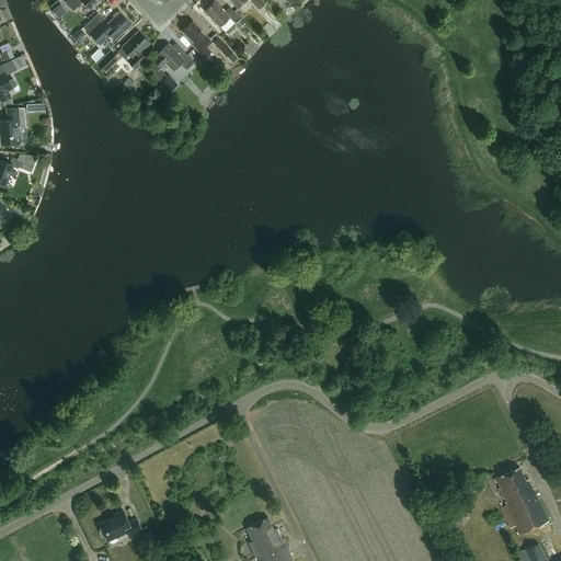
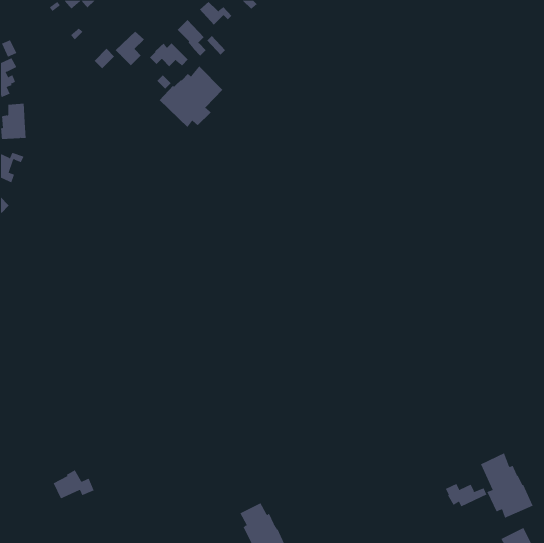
building: [84,12,130,44] -> none
building: none -> [159,66,223,128]
building: none -> [445,483,487,507]
building: [100,511,142,541] -> [53,469,94,499]

